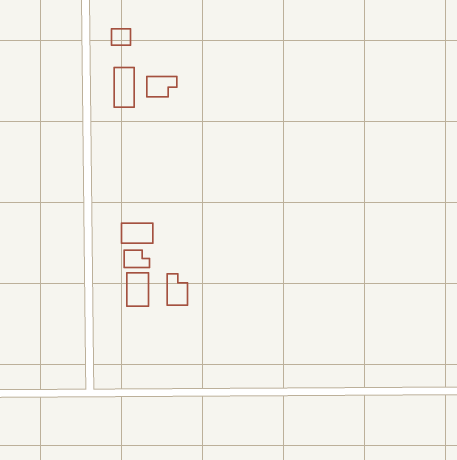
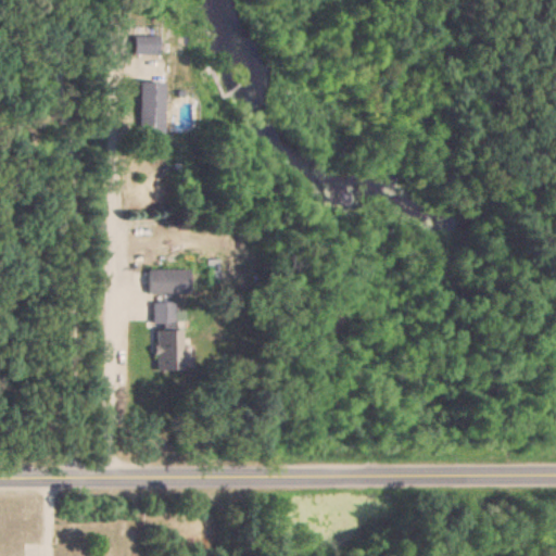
building: [147,76,177,97] -> none
building: [167,274,188,305] -> none

